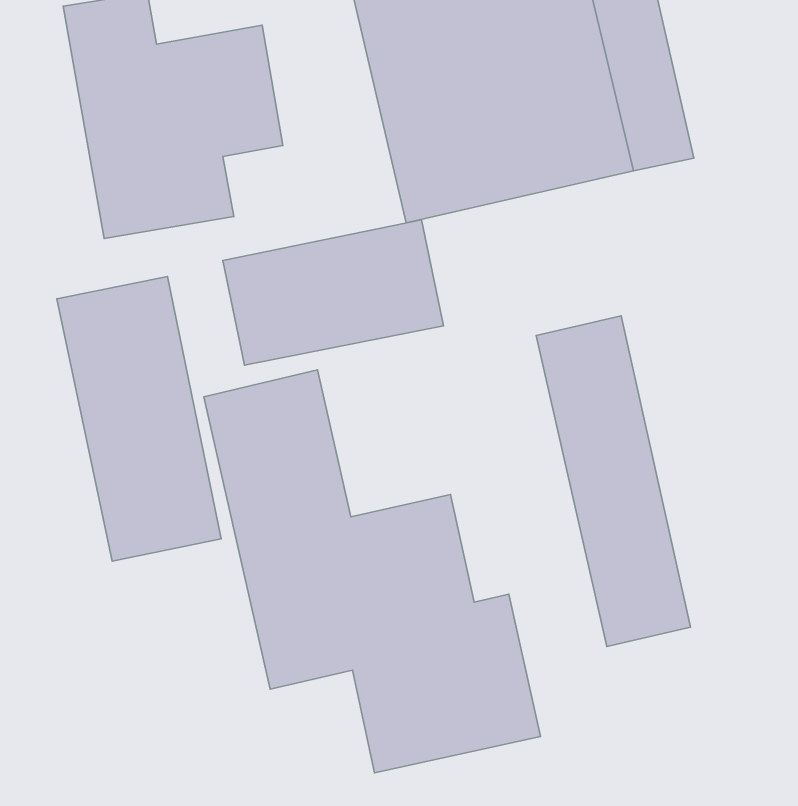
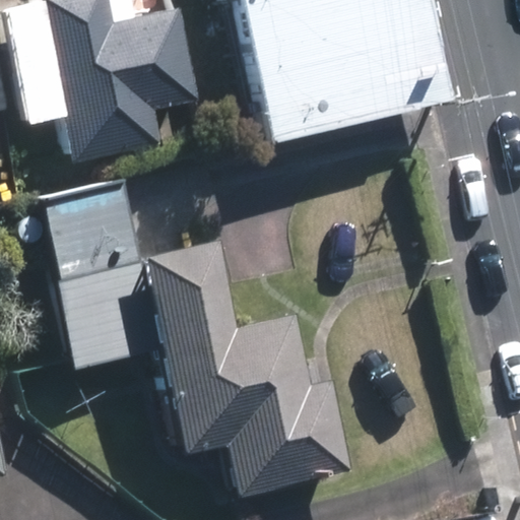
building: [223,220,444,365] -> none
building: [536,316,691,646] -> none

